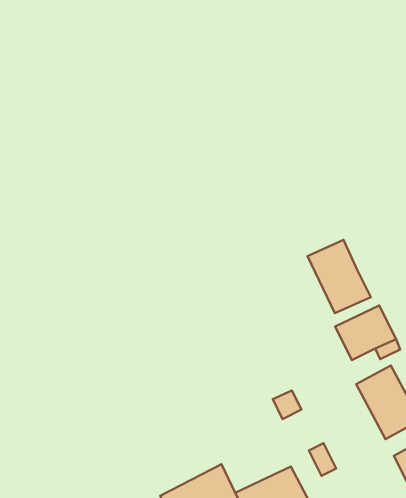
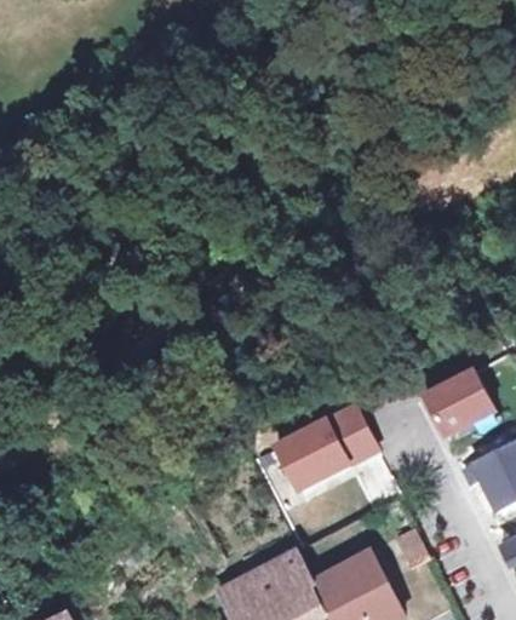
building: [308,240,371,313] -> none
building: none -> [277,407,377,487]

